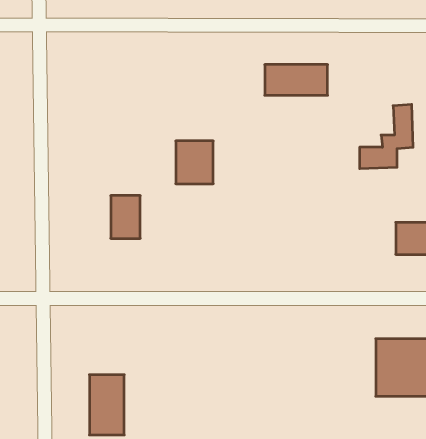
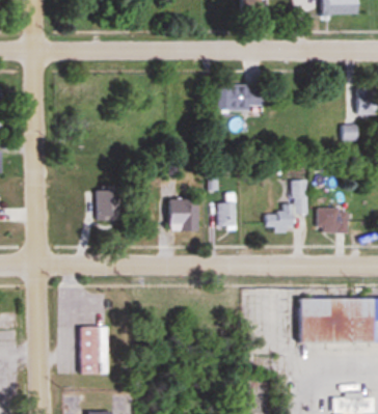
building: [360,104,413,169] -> [266,180,307,229]
building: [176,141,213,184] -> [169,197,198,230]
building: none -> [217,193,236,228]

